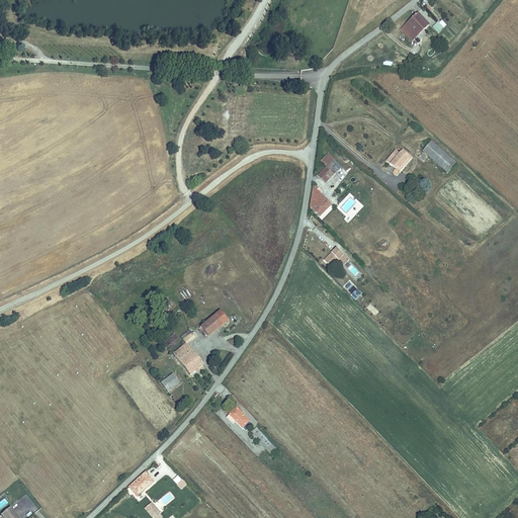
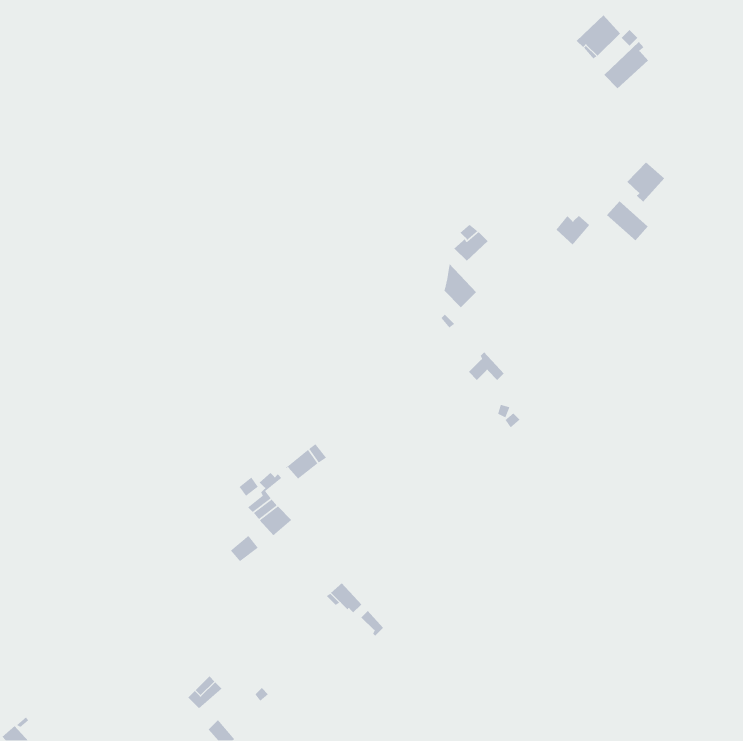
building: none -> [603,41,649,89]
building: none -> [627,162,665,202]

